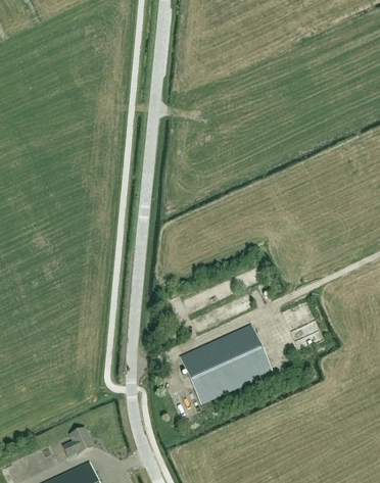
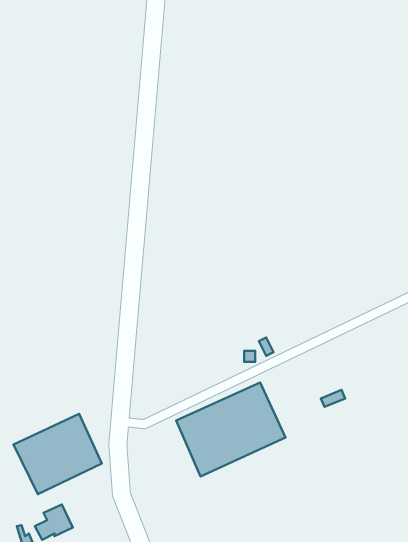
building: none -> [14,414,102,494]

